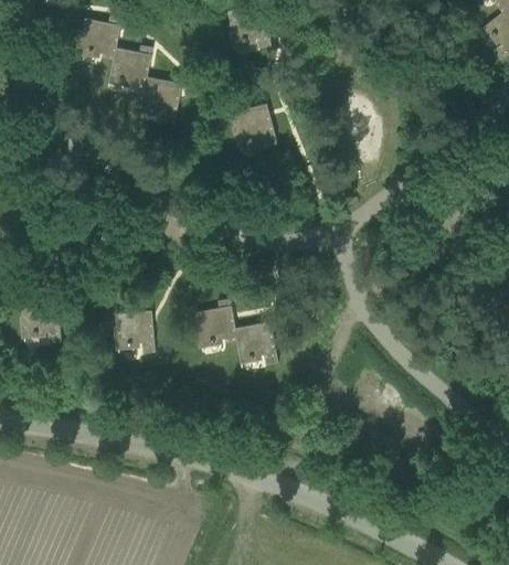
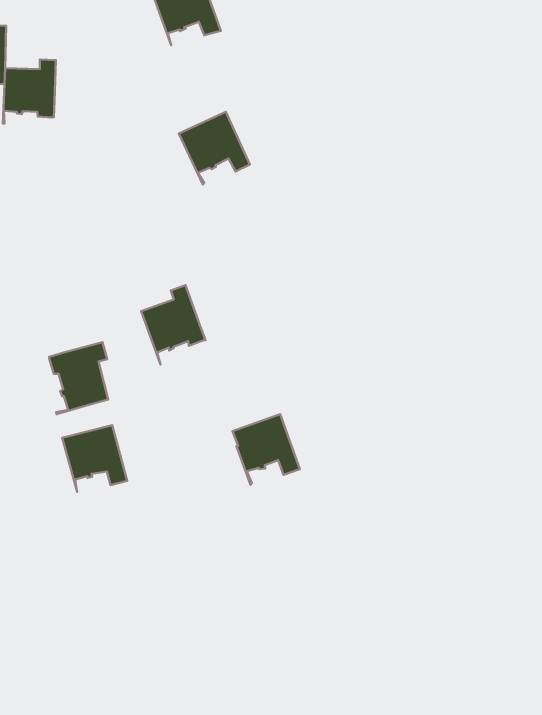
building: [136,78,180,126] -> none
building: none -> [49,342,108,414]
building: [193,300,235,353] -> [141,285,205,364]

